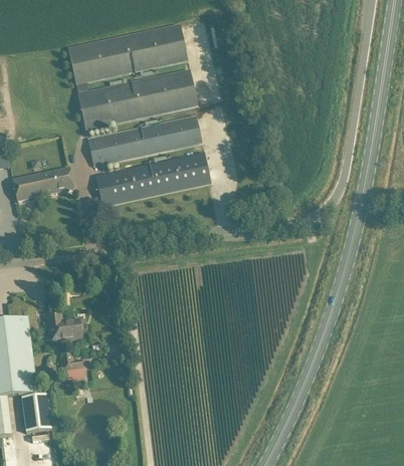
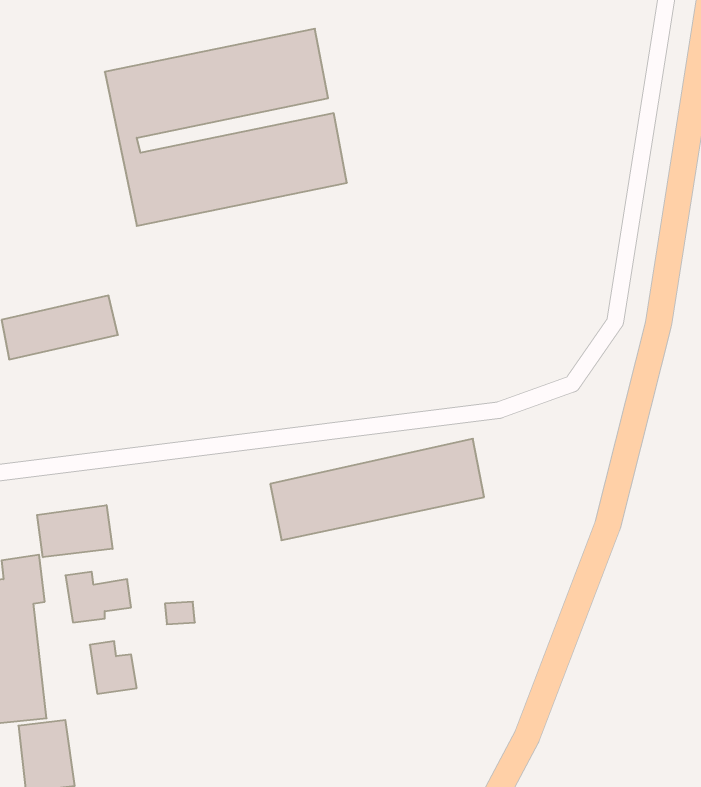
building: [87,115,202,166] -> none
building: [95,152,210,206] -> [270,439,484,540]
building: none -> [37,505,113,557]

